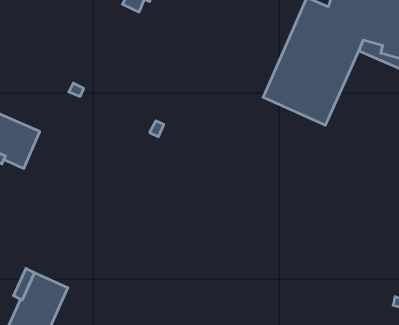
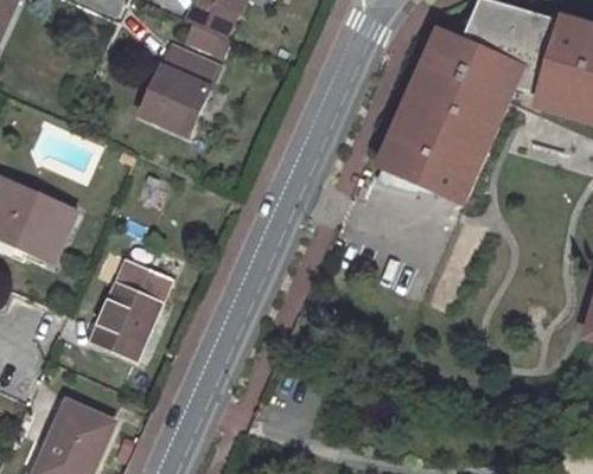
building: none -> [141,46,216,132]
building: none -> [93,261,171,358]

